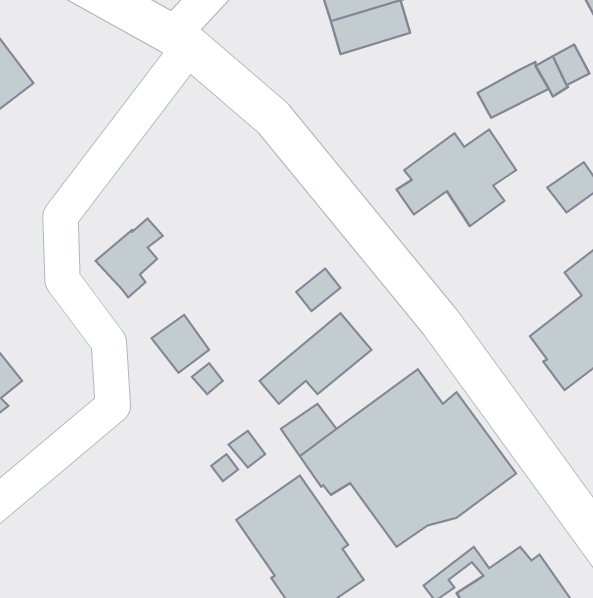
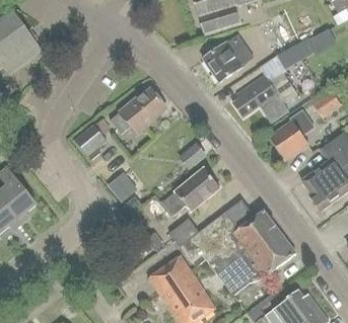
building: none -> [202,34,252,81]
building: none -> [110,89,165,135]
building: none -> [268,107,314,159]

